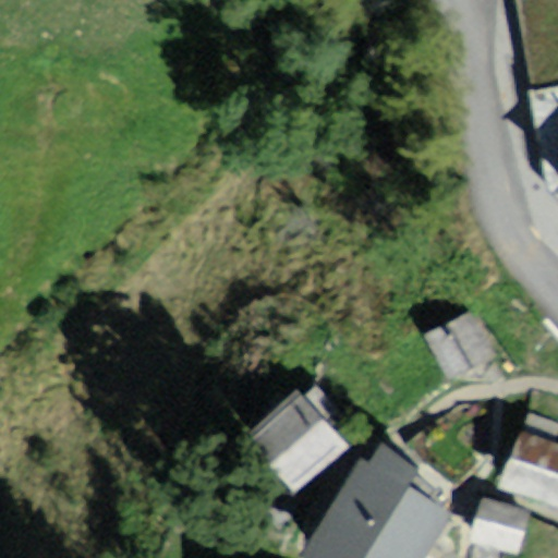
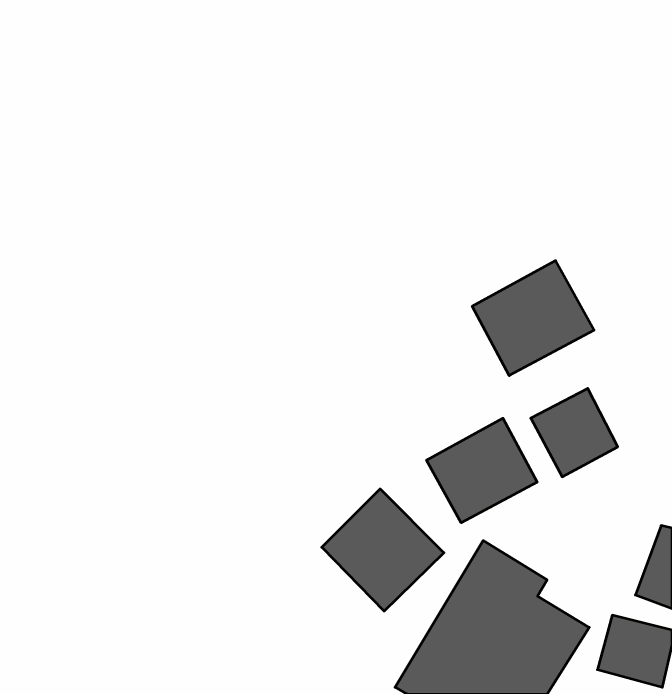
building: none -> [472,261,594,376]
building: none -> [427,418,537,523]

